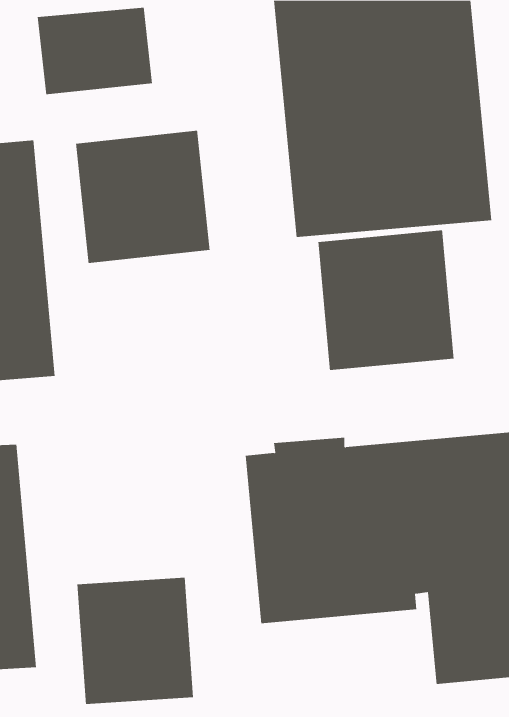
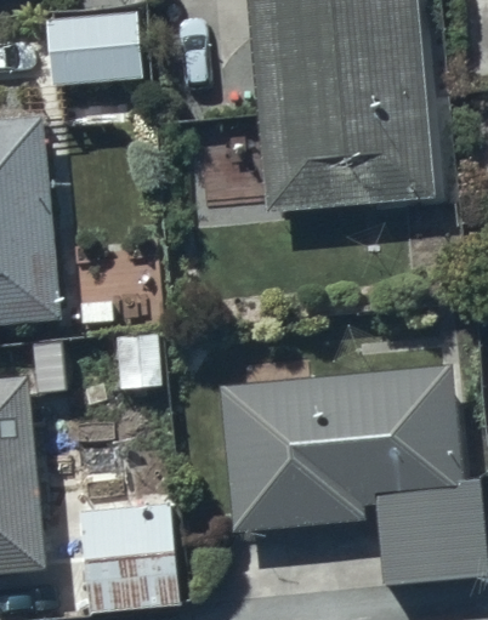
building: [75,130,210,264] -> none
building: [318,230,454,371] -> none

